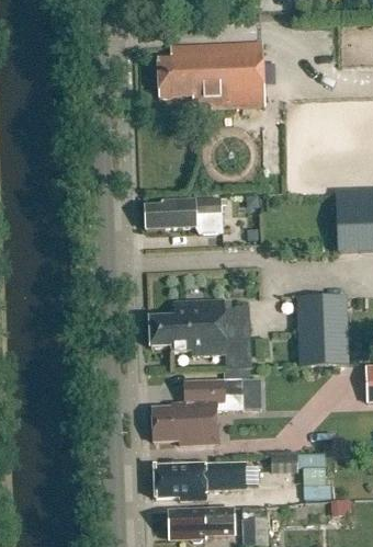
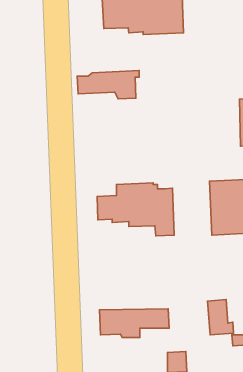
building: [145,196,226,233] -> [77,70,139,99]
building: [151,378,244,444] -> none
building: [166,509,233,540] -> none

